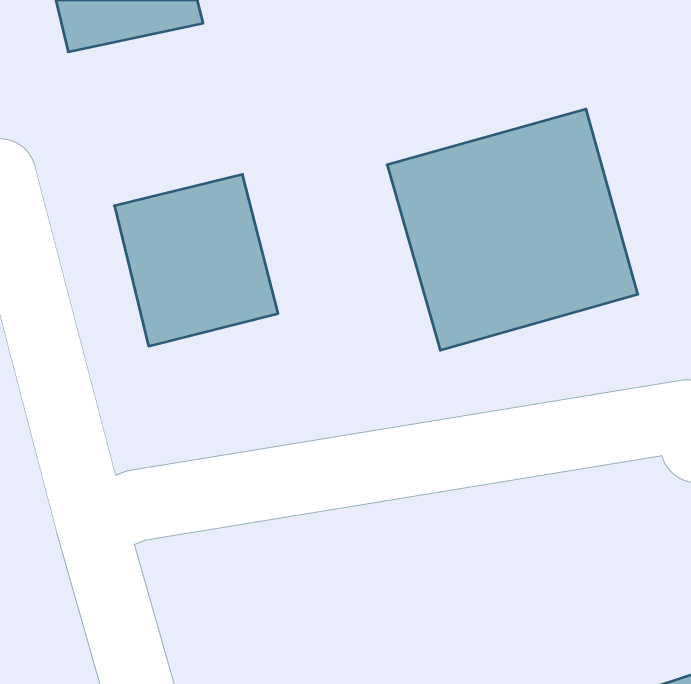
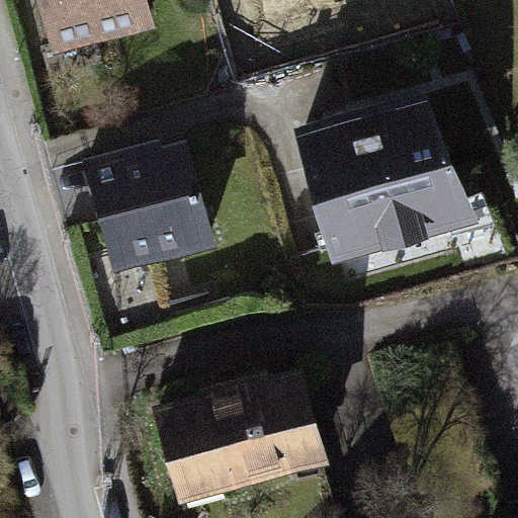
building: none -> [155,369,331,507]

